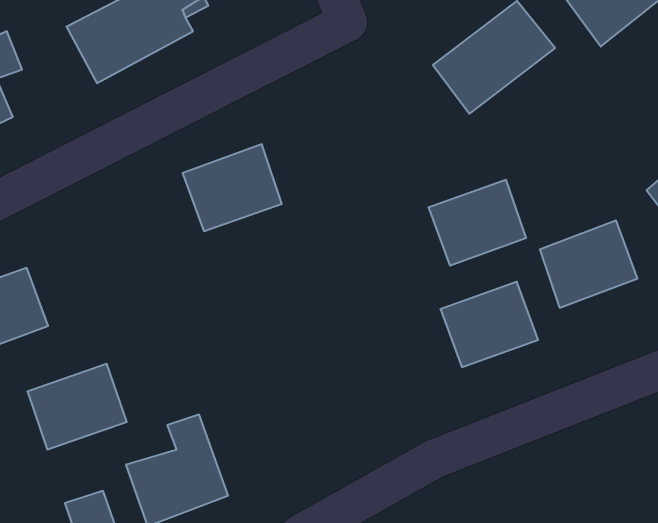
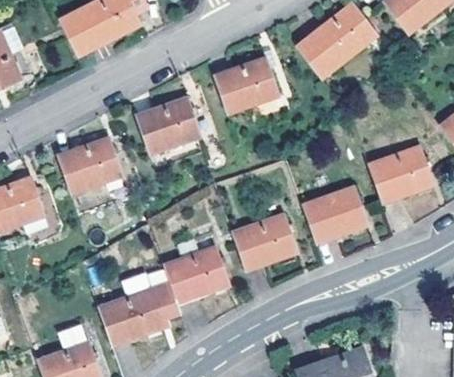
building: [428,180,526,265] -> [212,57,276,113]
building: none -> [232,213,297,270]
building: none -> [163,232,228,303]
building: [27,364,127,449] -> [56,138,121,194]

